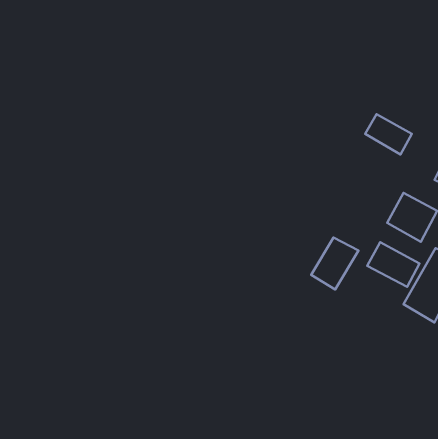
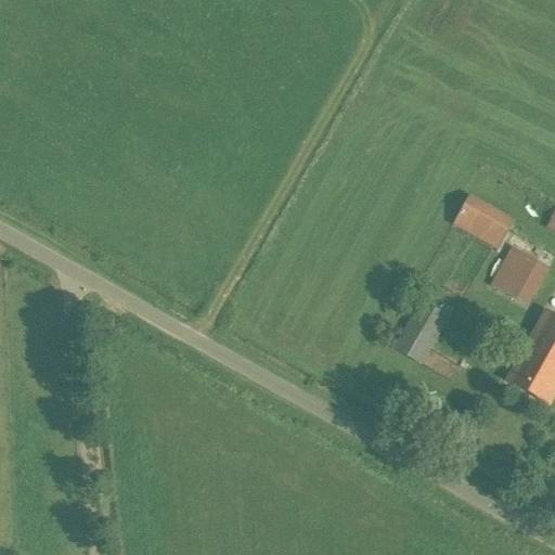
building: [365,114,412,155] -> [455,197,514,248]
building: [367,242,420,287] -> none

